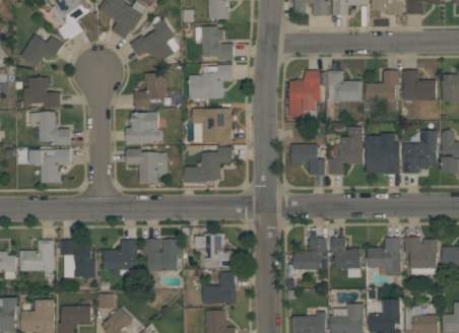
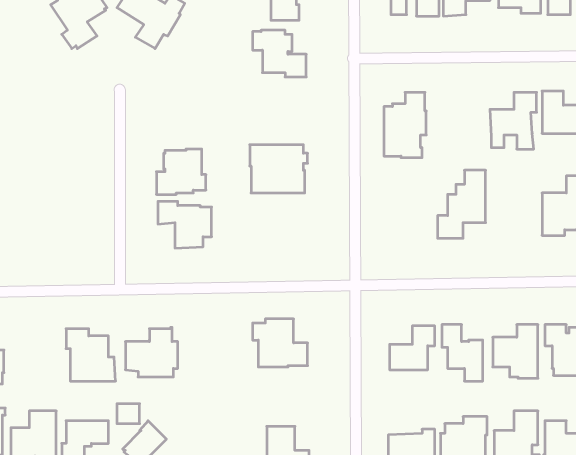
building: [130,18,180,63] -> none
building: [20,35,64,67] -> none
building: [189,65,233,99] -> none
building: [327,71,362,102] -> none
building: [135,73,165,108] -> none
building: [23,77,60,108] -> none
building: [29,112,70,145] -> none
building: [367,134,399,175] -> none
building: [291,144,325,175] -> none
building: [184,147,233,184] -> none
building: [30,149,70,183] -> none
building: [145,240,180,271] -> none
building: [20,241,54,280] -> none
building: [203,272,236,305] -> none

